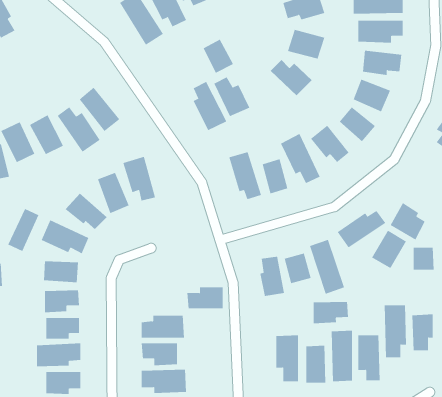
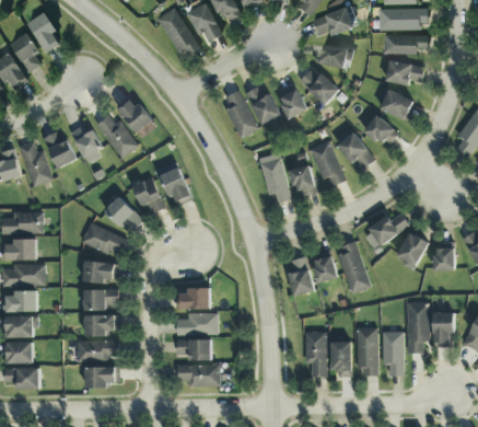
building: [203,39,234,73] -> [278,85,307,118]
building: [390,202,426,241] -> none
building: [7,208,39,252] -> none
building: [187,287,223,309] -> [175,288,210,309]
building: [313,301,348,324] -> none

